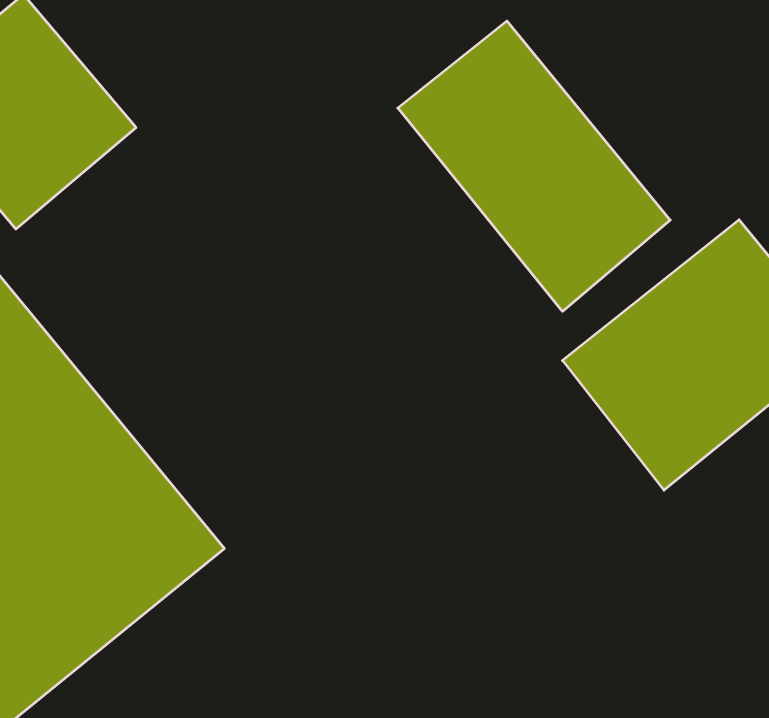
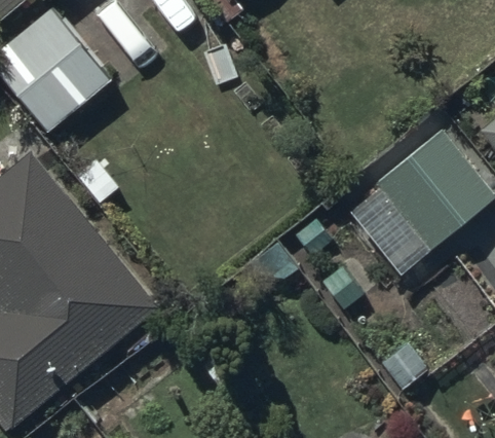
building: [398,21,670,311] -> none

